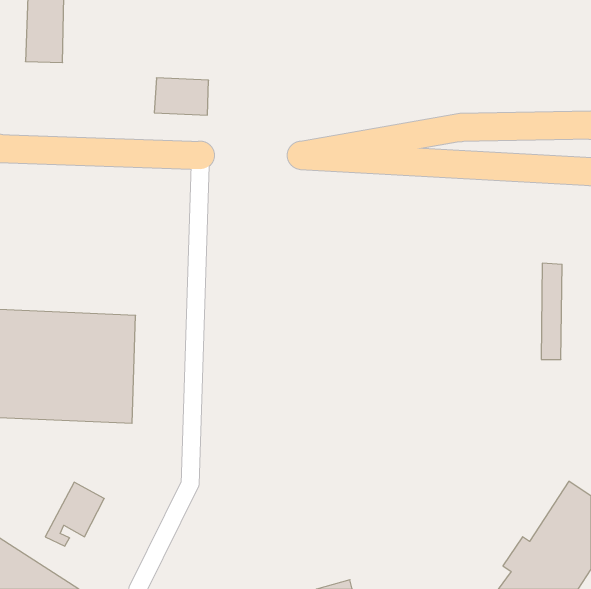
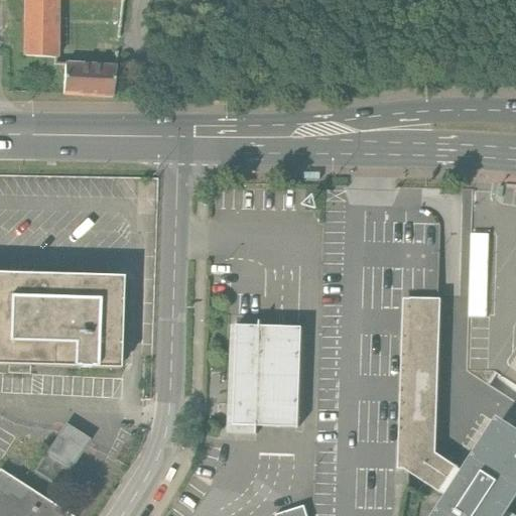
building: [154,78,209,115] -> [63,61,111,94]
building: none -> [402,298,455,492]
building: none -> [237,325,301,424]

